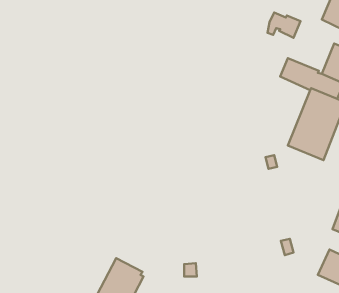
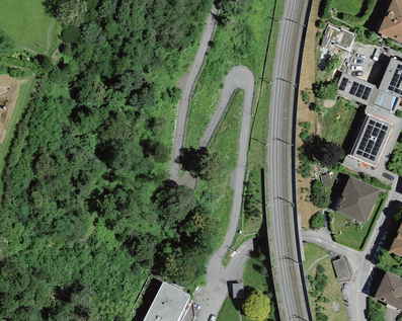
building: none -> [336,176,380,224]

